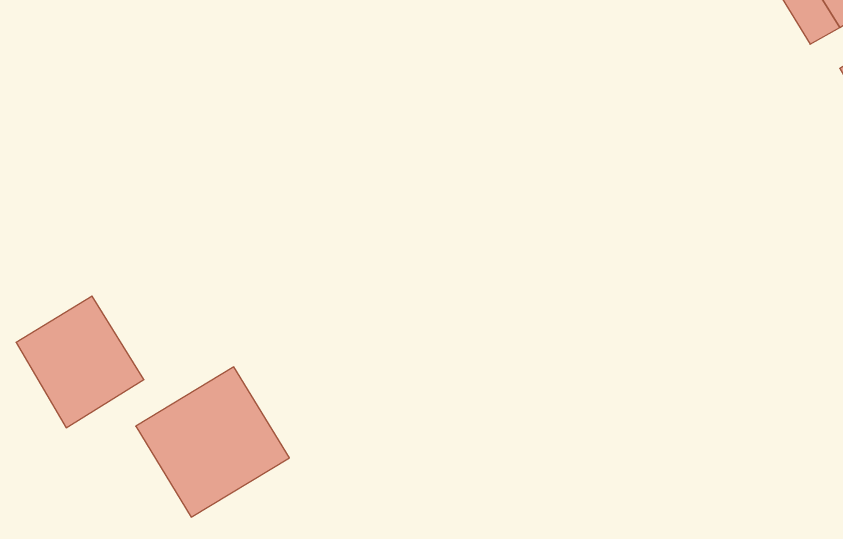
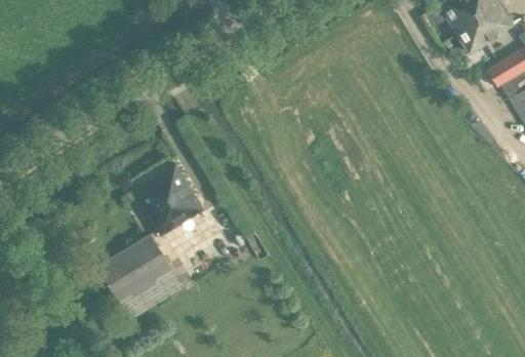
building: [16,296,144,428] -> [133,163,204,236]

